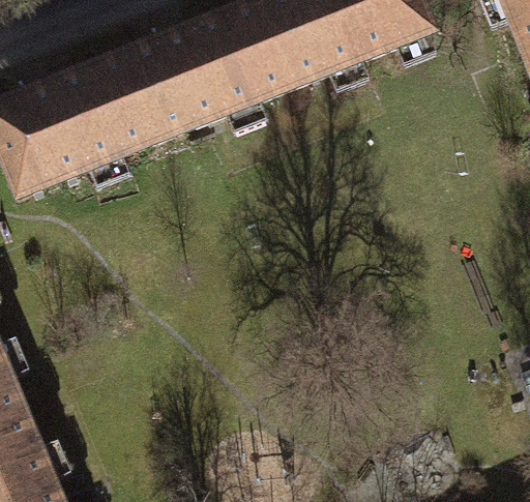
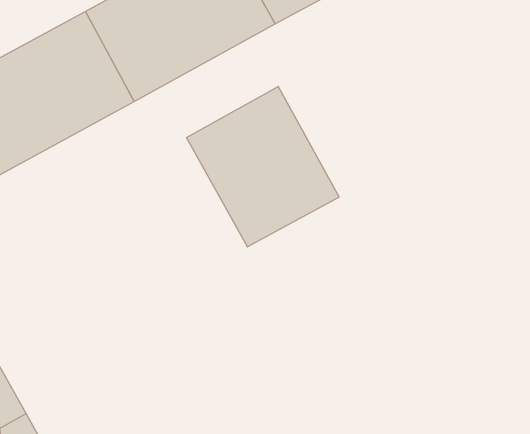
building: none -> [187,86,339,247]

